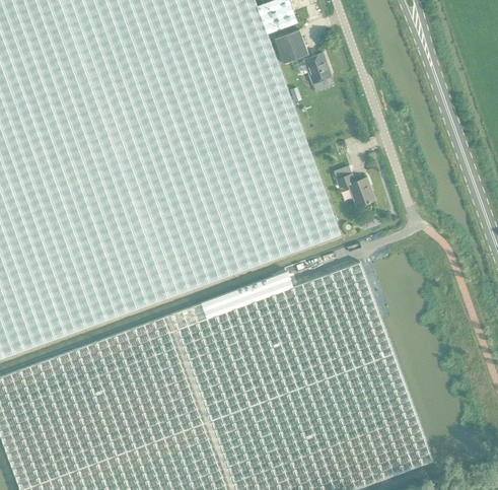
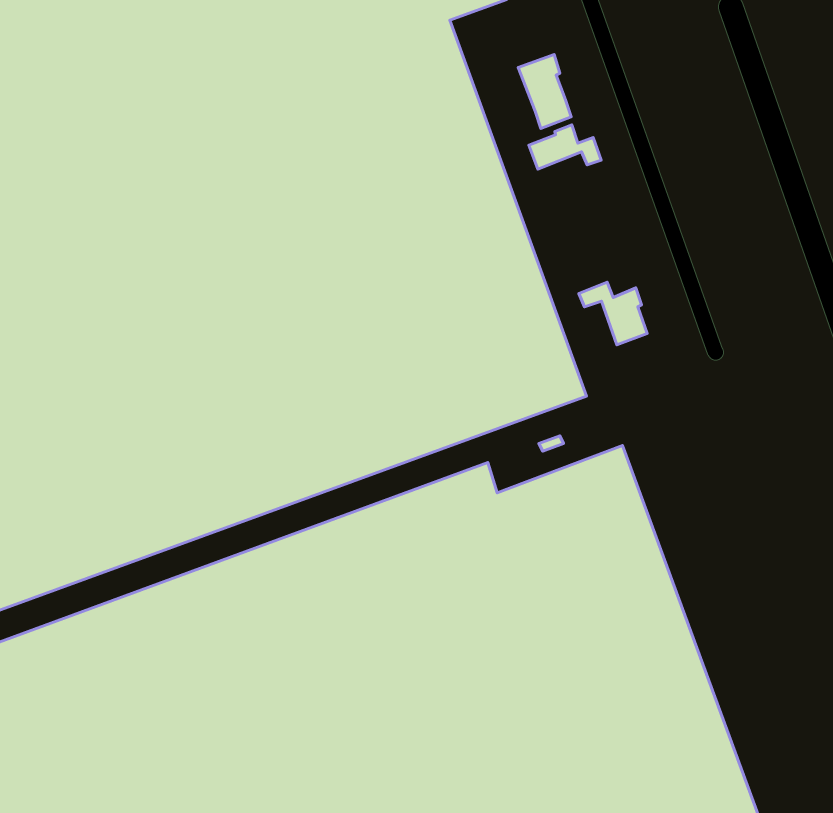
building: [274,29,308,63] -> none
building: none -> [529,125,601,169]

